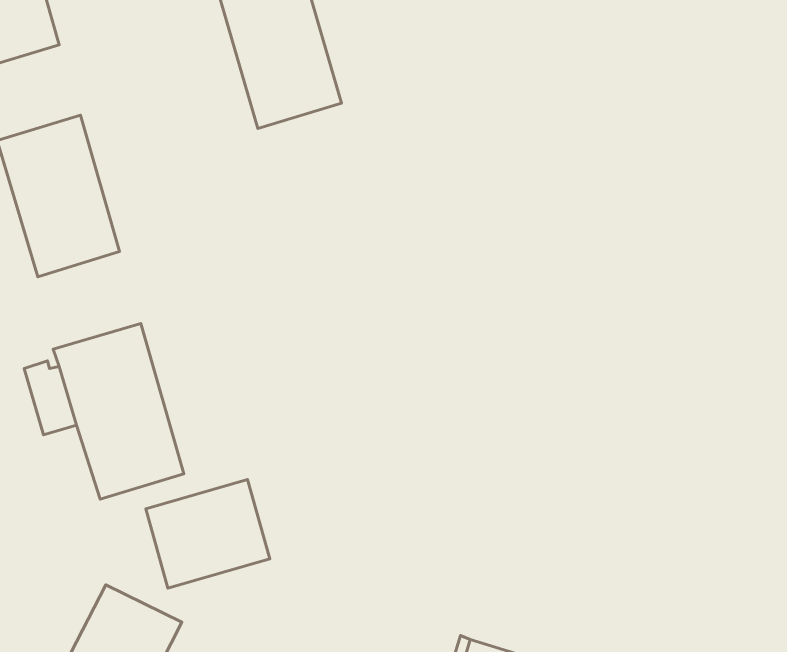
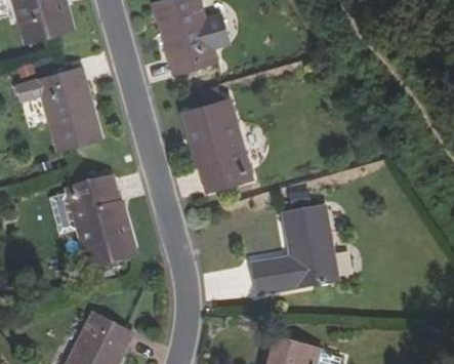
building: none -> [185,98,252,191]
building: none -> [252,205,338,295]
building: [146,479,270,588] -> none

